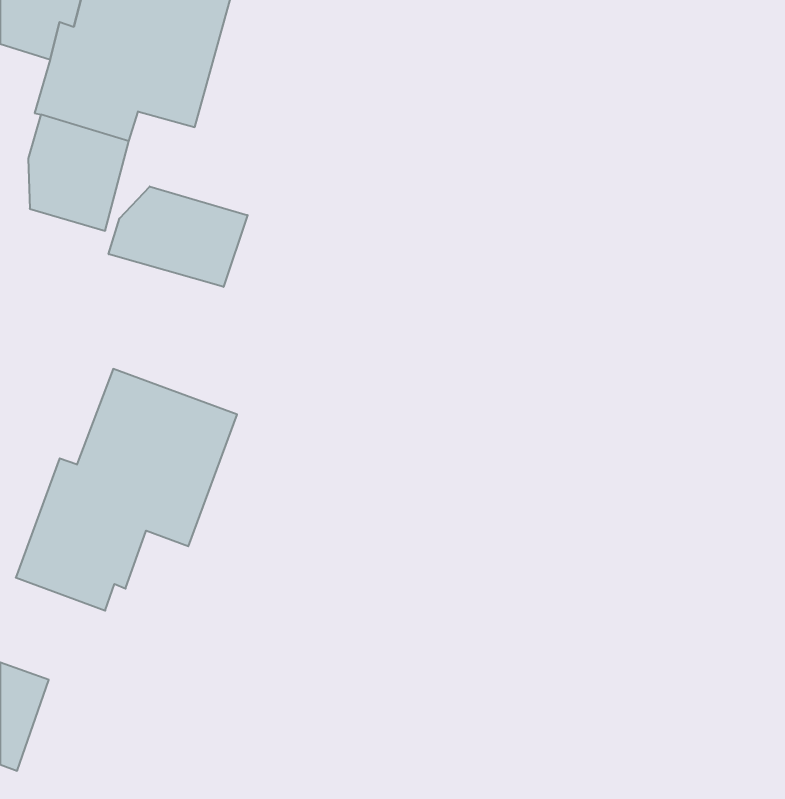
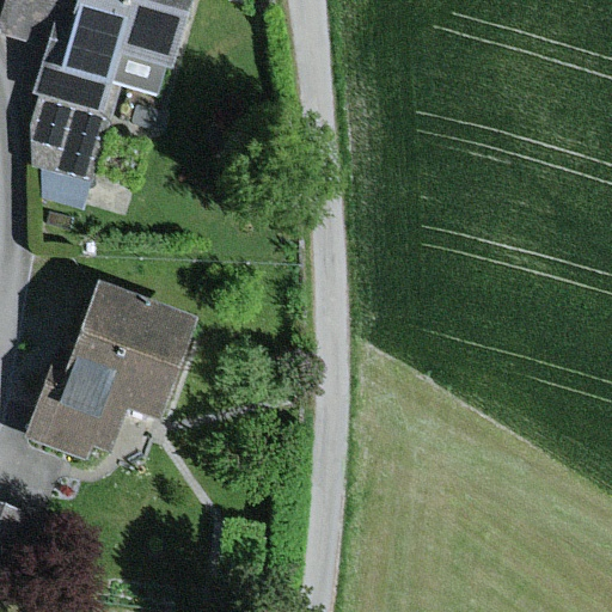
building: [109,186,248,287] -> none

